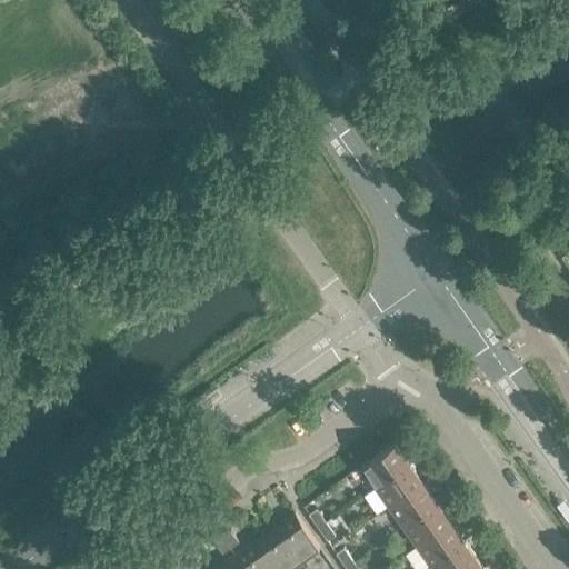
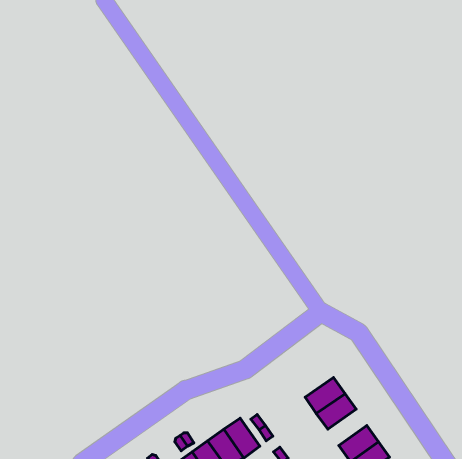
building: [361,448,410,492] -> none
building: [403,507,451,551] -> none

